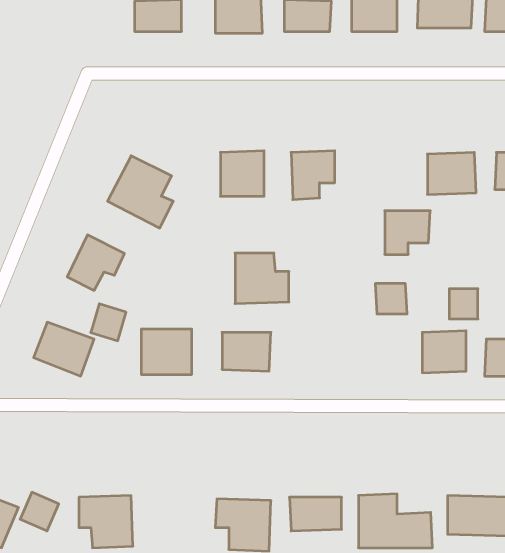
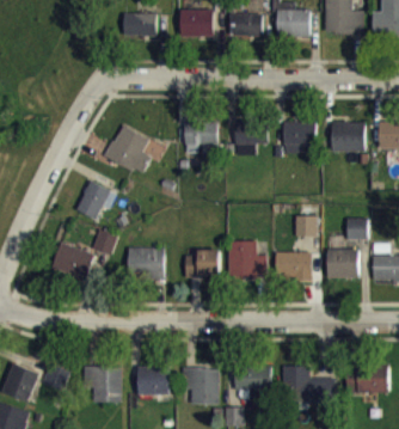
building: [385,211,430,254] -> [284,122,317,153]
building: [235,253,289,304] -> [229,241,268,277]
building: none -> [277,252,313,280]
building: none -> [137,366,170,396]

